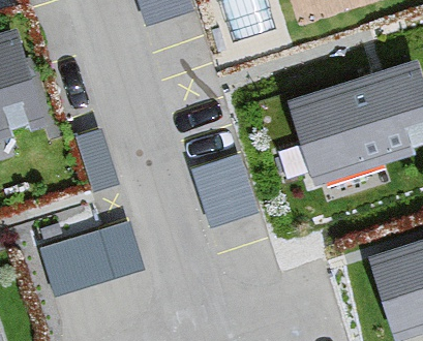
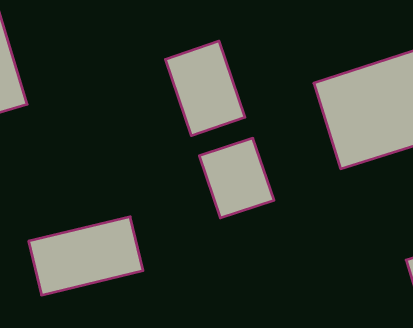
building: none -> [165,41,245,136]

